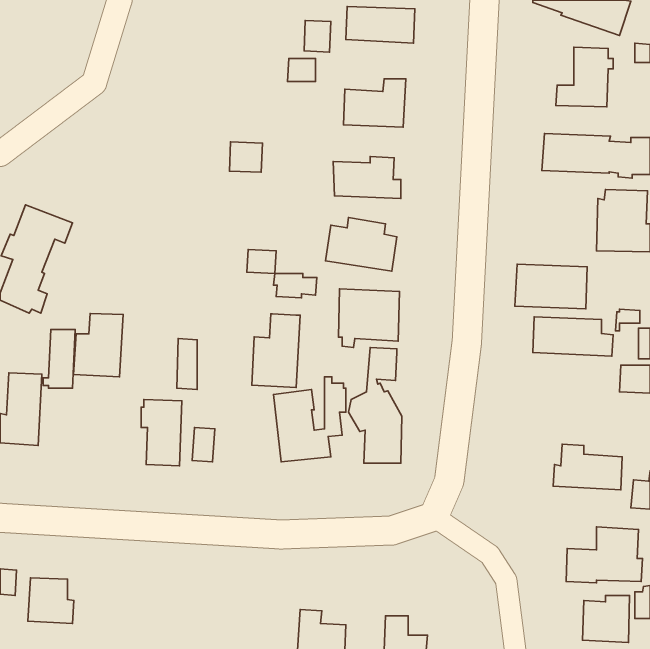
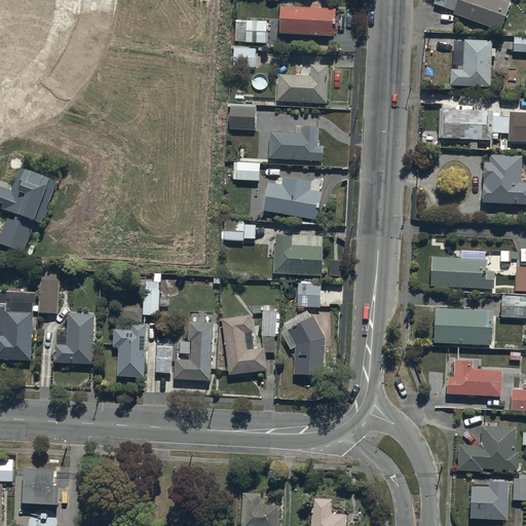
building: [229,142,262,172] -> [229,106,256,130]
building: [247,249,276,274] -> [236,161,260,181]
building: [515,264,587,309] -> [434,308,492,344]
building: [74,313,123,377] -> [55,313,96,365]
building: [252,314,300,388] -> [175,322,214,381]

